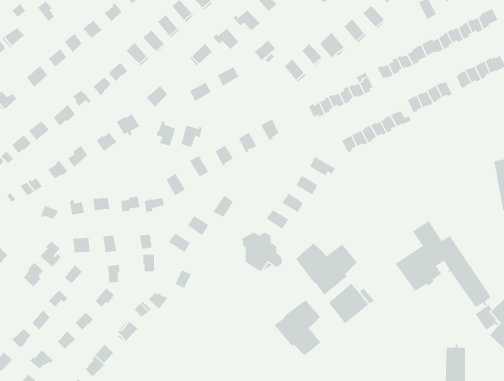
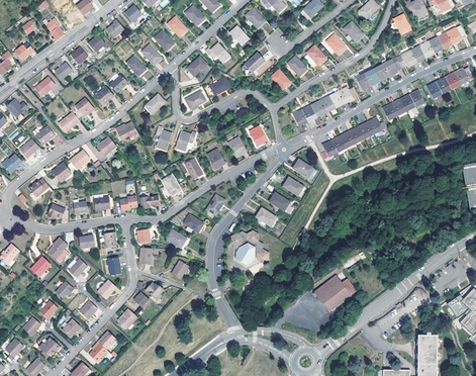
building: [395,220,491,308] -> none
building: [295,242,358,295] -> none
building: [274,299,321,356] -> none

